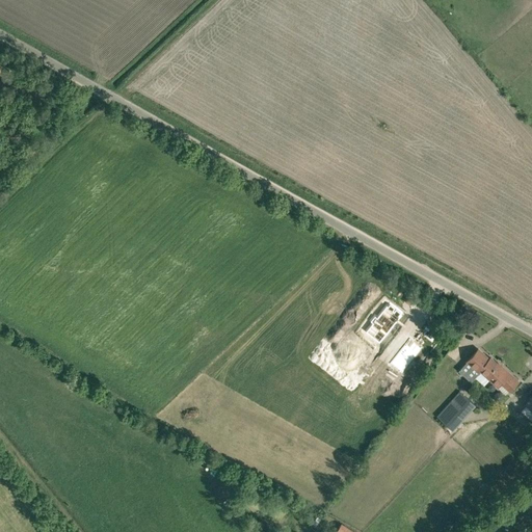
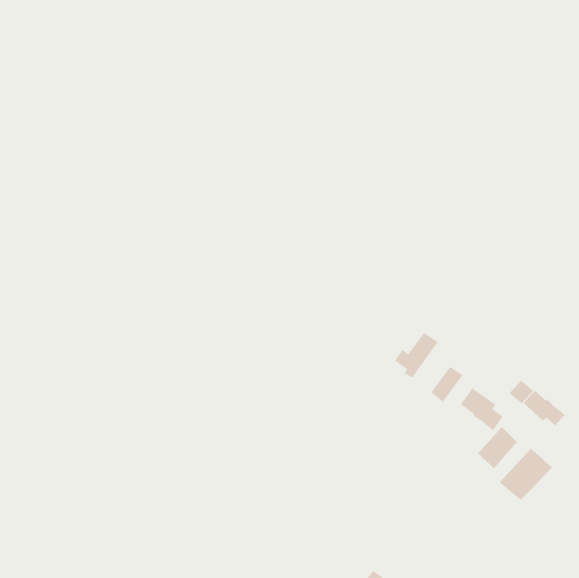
building: none -> [460,387,503,431]
building: none -> [499,448,553,501]

